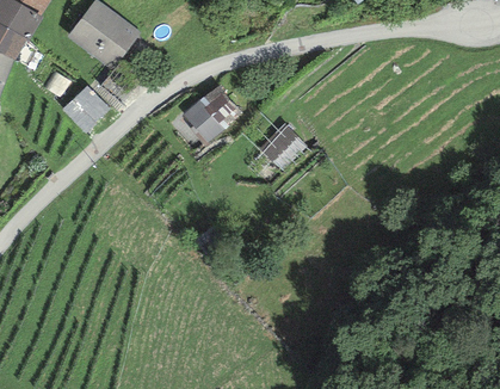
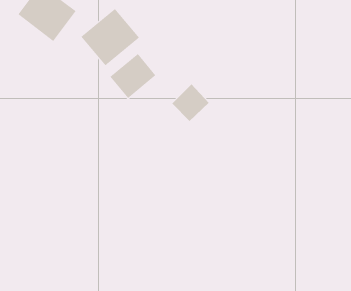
building: none -> [80,8,140,66]
building: [61,85,110,134] -> none

